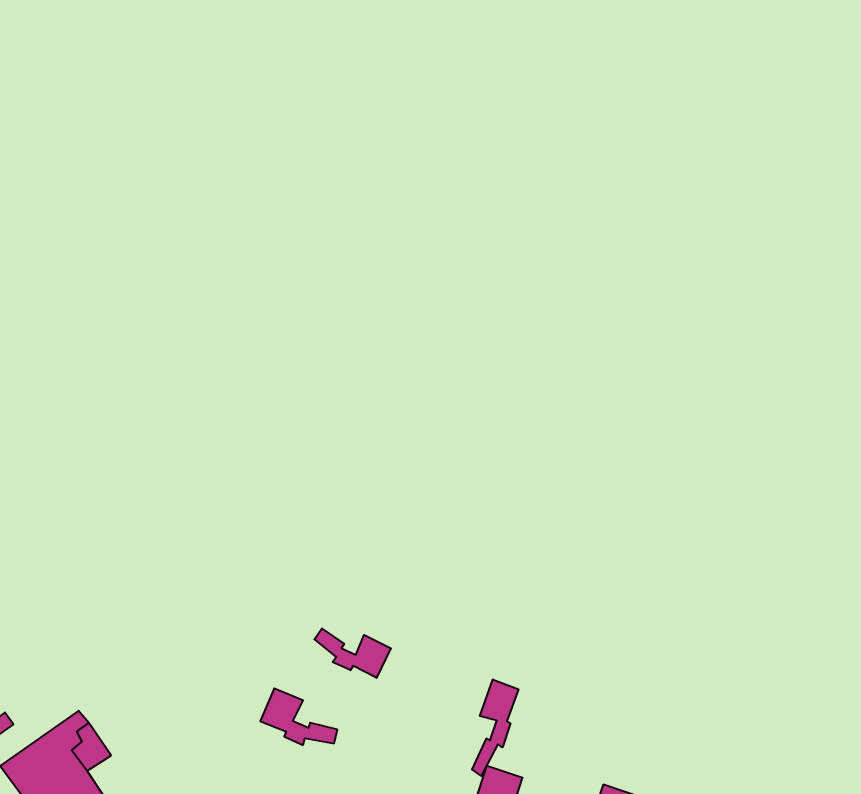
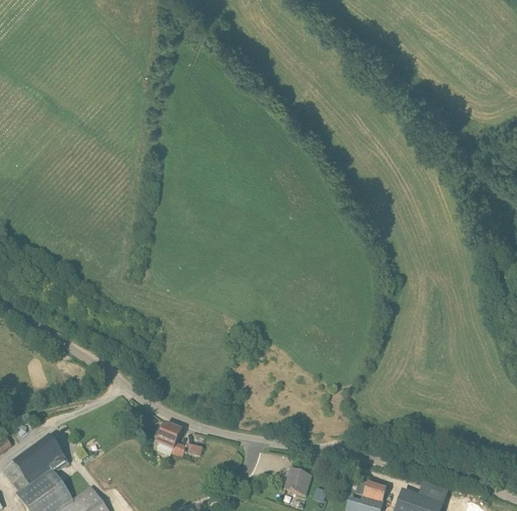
building: [314,628,391,678] -> none
building: [472,679,518,776] -> none

